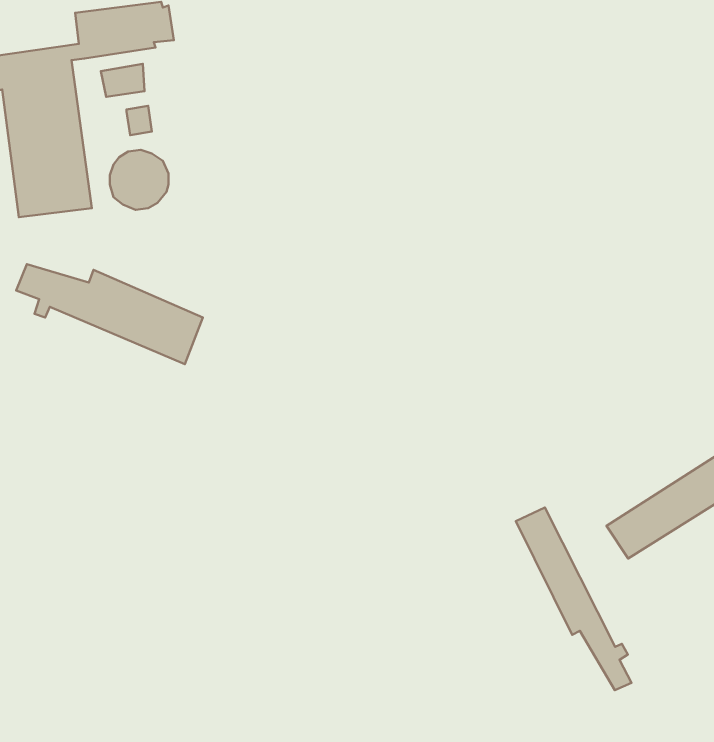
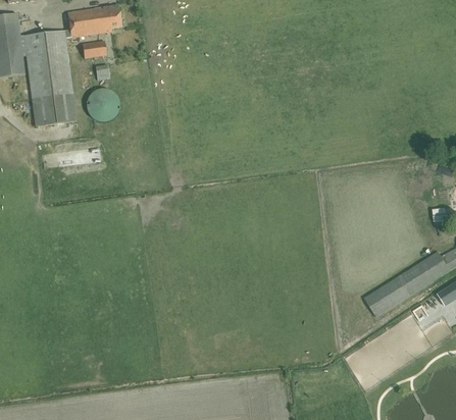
building: [16,264,203,364] -> none
building: [516,507,632,690] -> none

